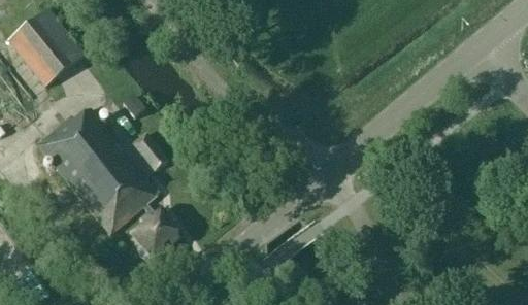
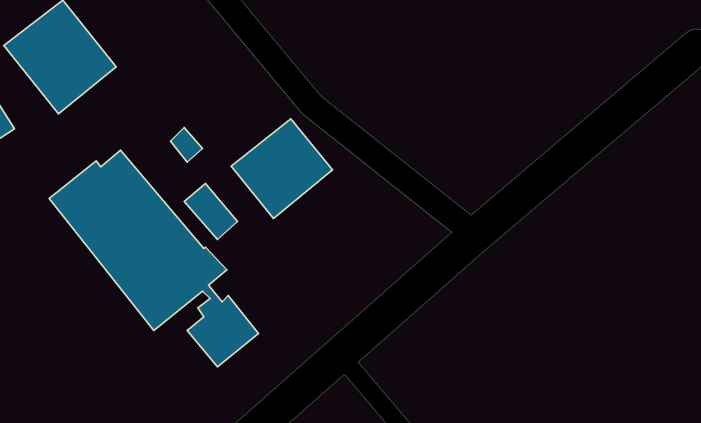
building: none -> [231,119,332,219]

